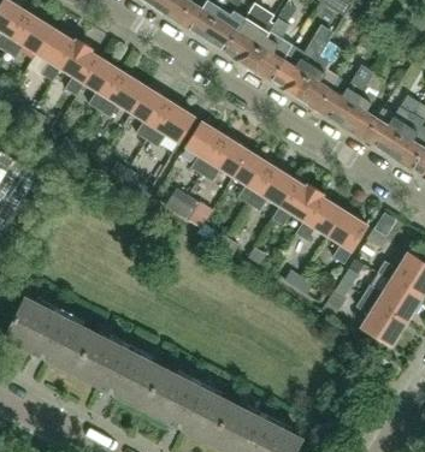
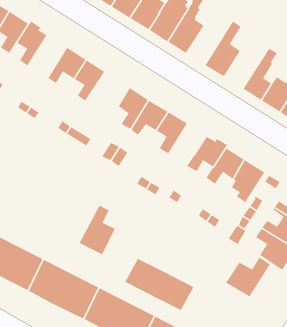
building: [271,36,326,95] -> none
building: [84,58,124,111] -> none
building: [318,65,373,124] -> none
building: [147,102,195,147] -> none
building: [249,166,296,210] -> none
building: none -> [79,205,116,256]
building: none -> [225,256,271,297]
building: none -> [124,258,195,311]

